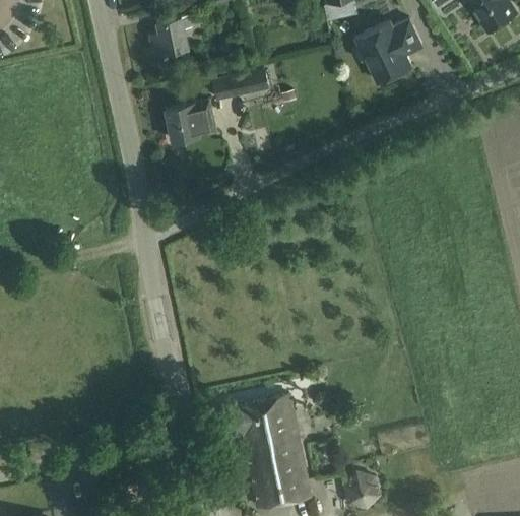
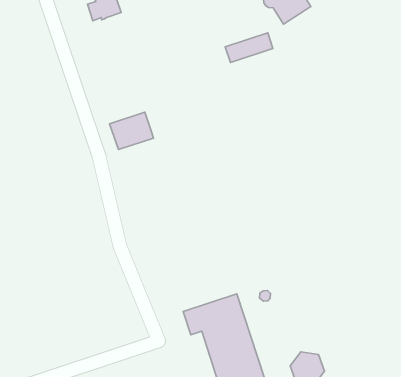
building: [213,70,269,101] -> [225,33,273,63]
building: [167,102,216,142] -> [110,112,154,150]

